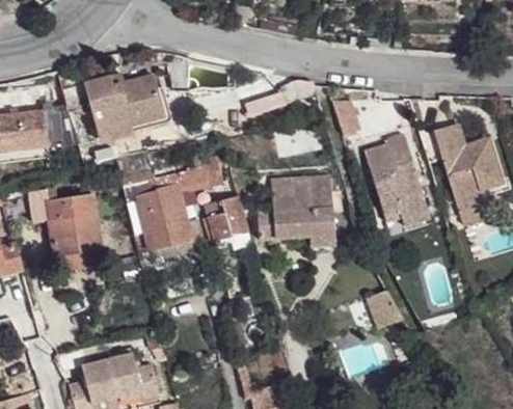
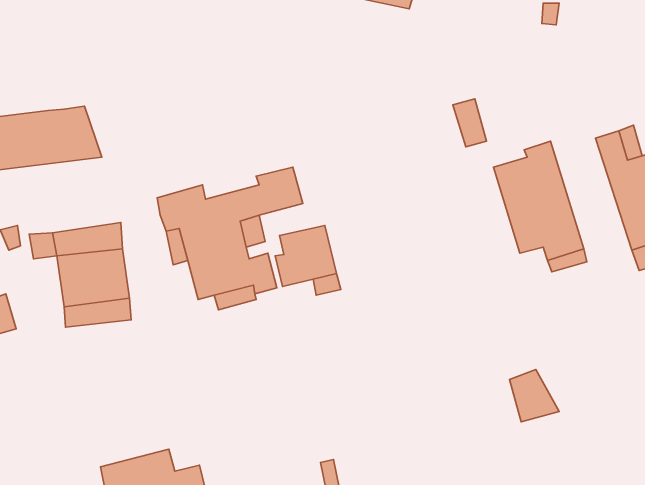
building: [88,85,168,154] -> none
building: [258,176,335,248] -> none

